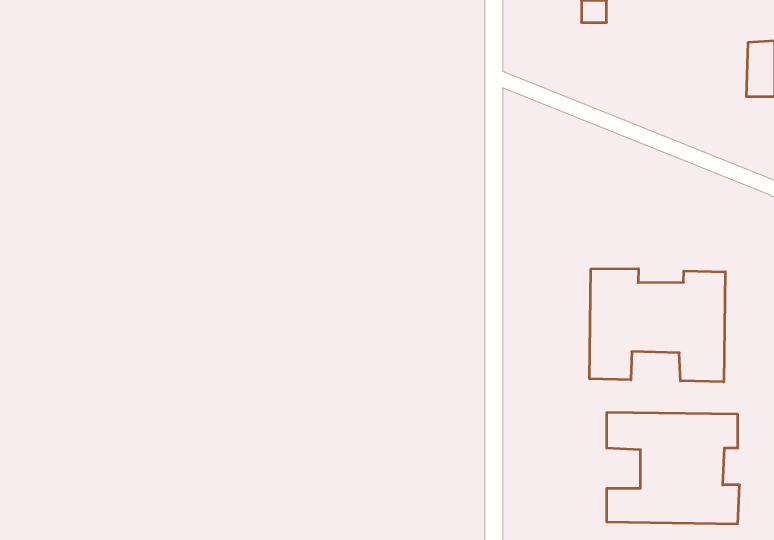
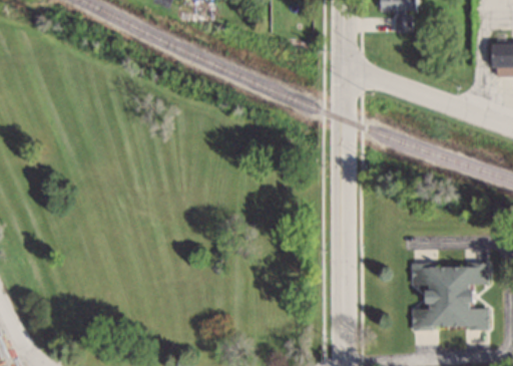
building: [590,269,725,382] -> none

